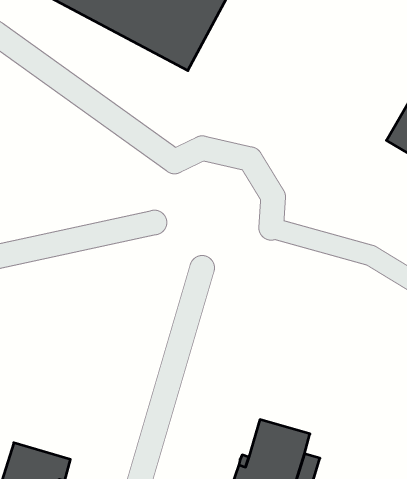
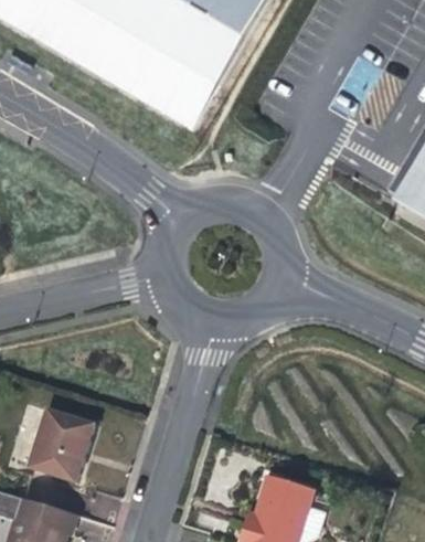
building: none -> [28,407,93,480]

